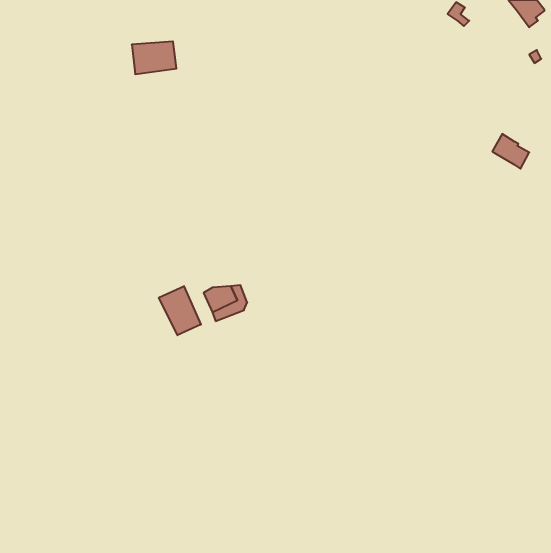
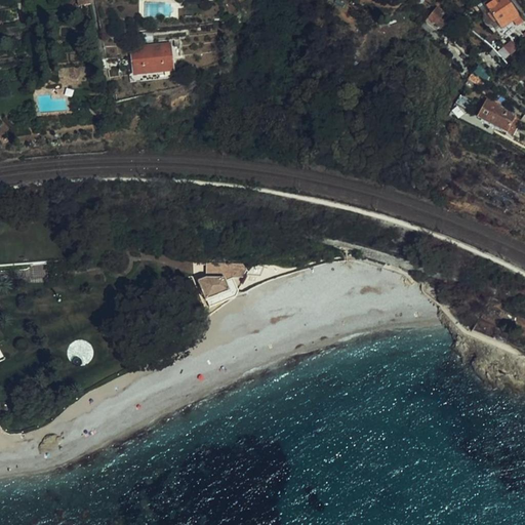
building: [492,134,529,169] -> [478,97,513,130]
building: [159,286,201,335] -> none

